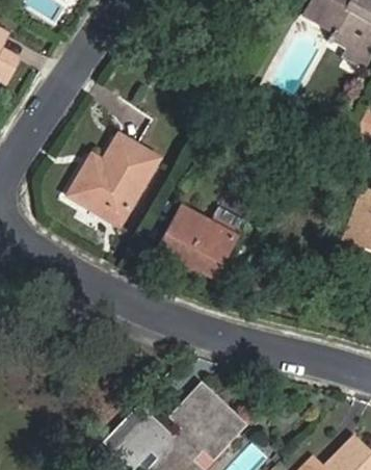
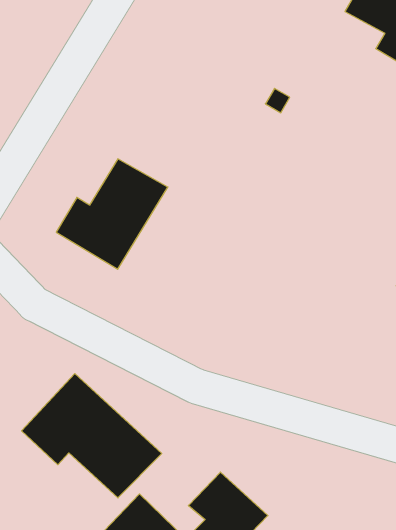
building: [158,206,248,283] -> none
building: none -> [22,374,162,498]

